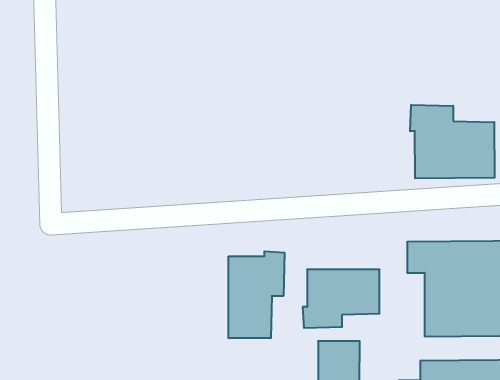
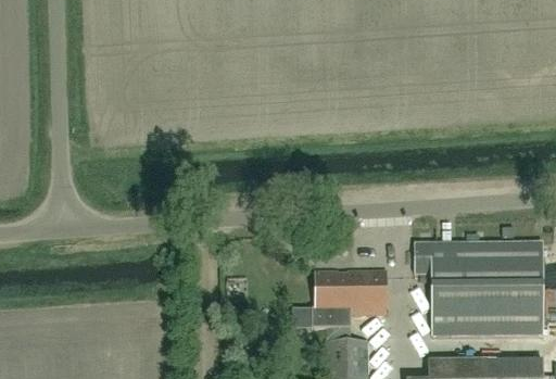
building: [410,105,495,178] -> none
building: [229,251,284,338] -> none

